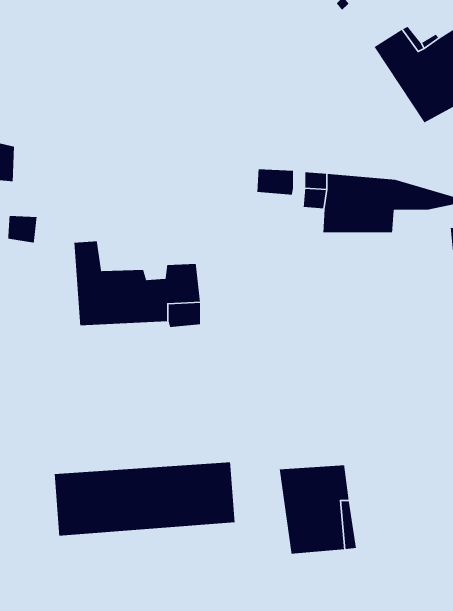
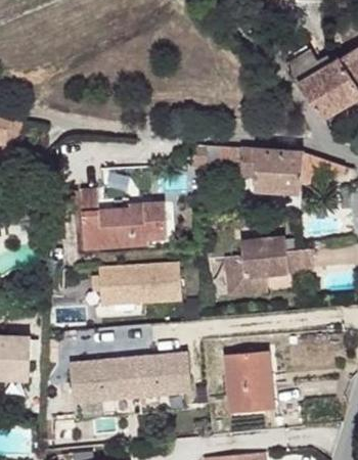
building: none -> [223,245,310,300]
building: none -> [99,270,181,311]

